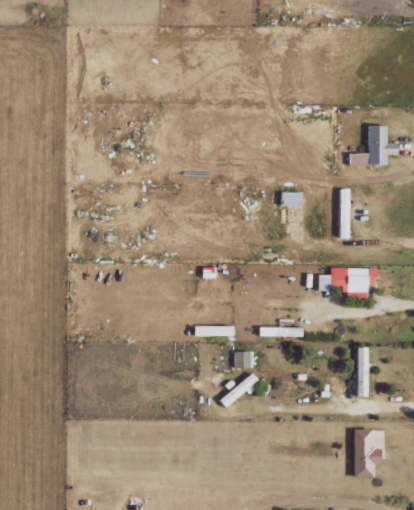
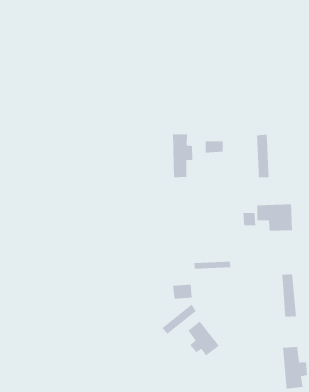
building: [349,125,396,164] -> none
building: none -> [172,133,193,178]
building: none -> [187,321,220,356]

